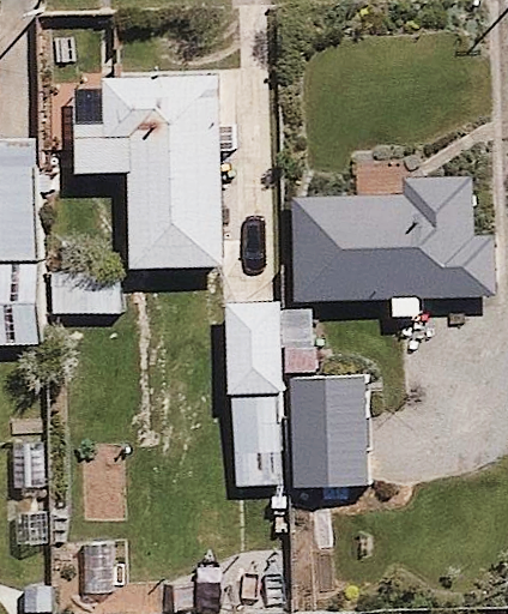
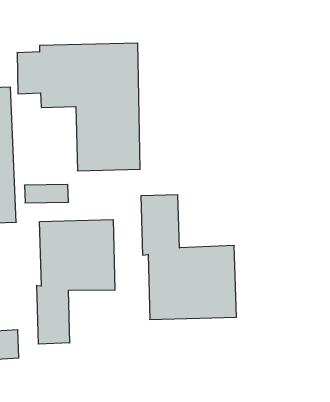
building: [277,158,491,318] -> none
building: none -> [37,220,115,344]

